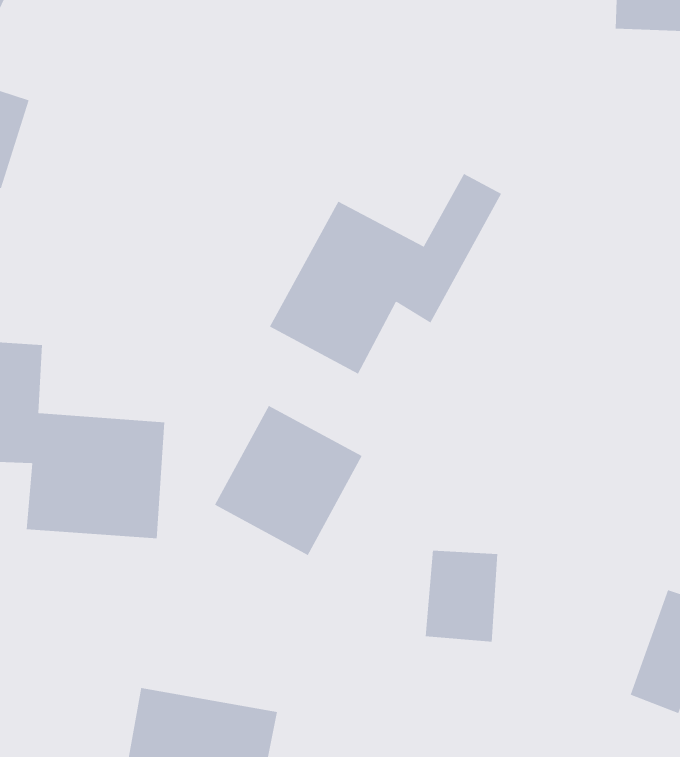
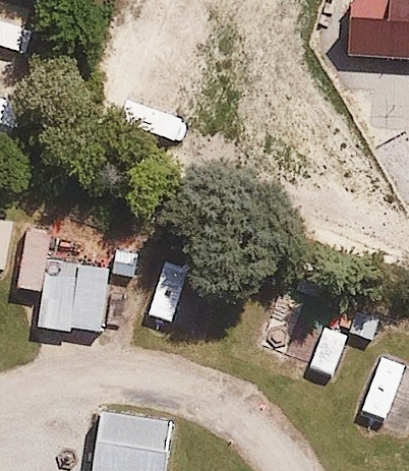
building: [269,173,502,374] -> none

